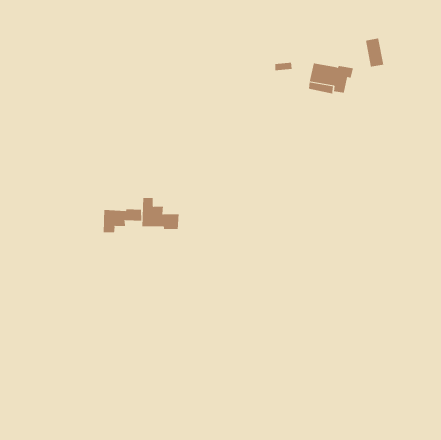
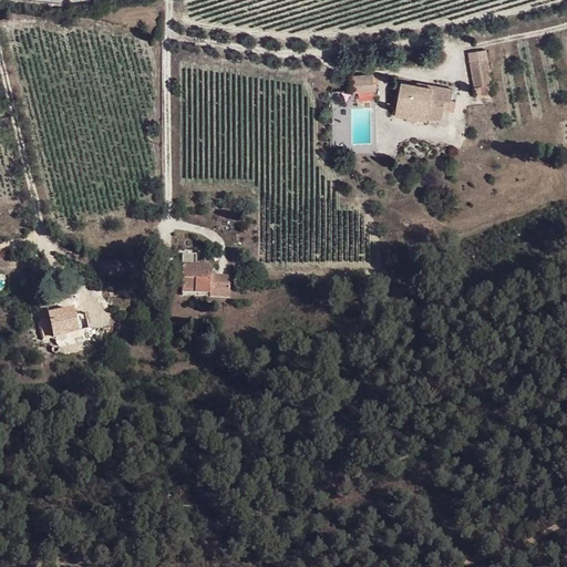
building: [103,208,142,233] -> none
building: none -> [49,308,80,346]

